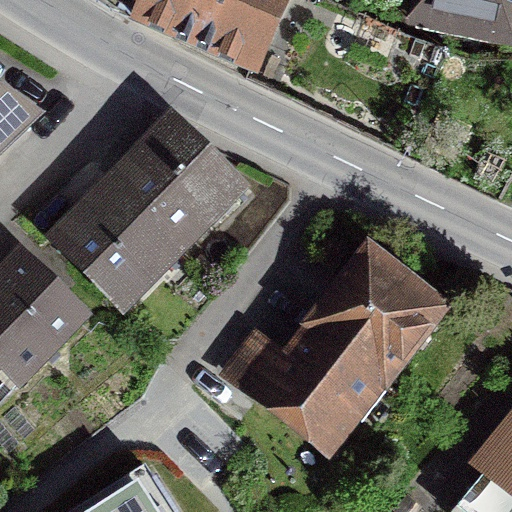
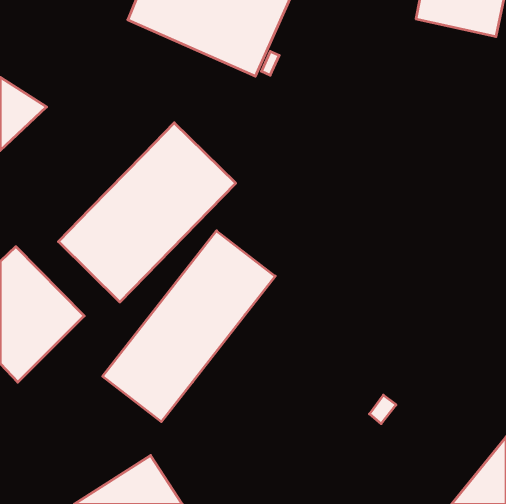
building: none -> [103,231,275,422]
building: [227,254,442,454] -> none

